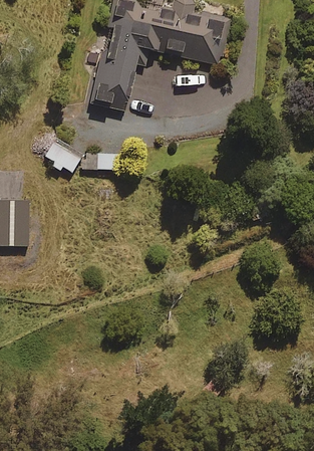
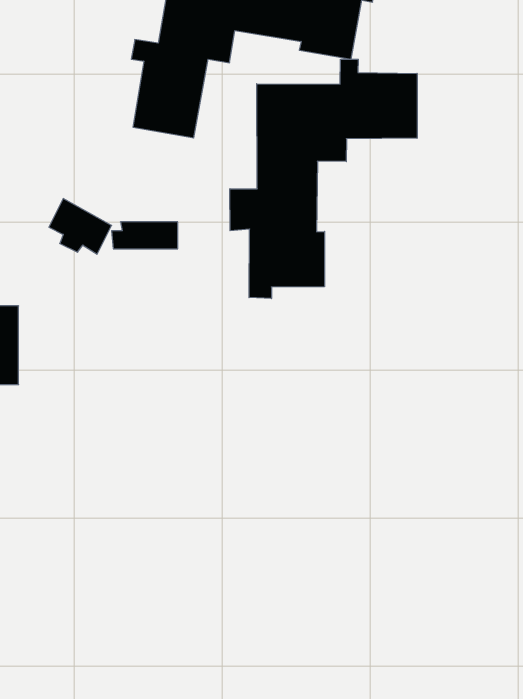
building: none -> [230,59,417,299]

